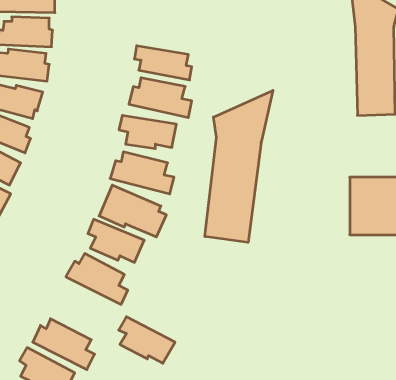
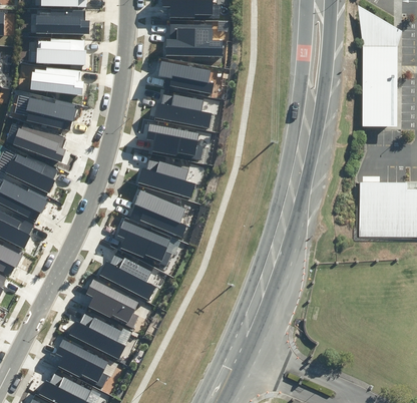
building: none -> [164,27,221,55]
building: [205,90,273,242] -> none
building: [119,317,175,363] -> [84,278,135,320]

